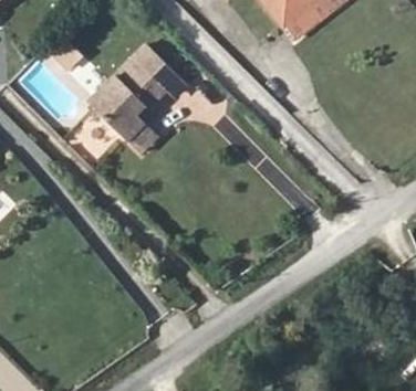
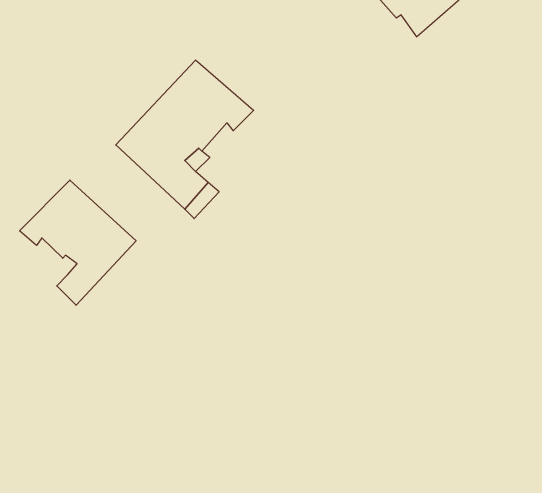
building: none -> [20,180,136,305]

